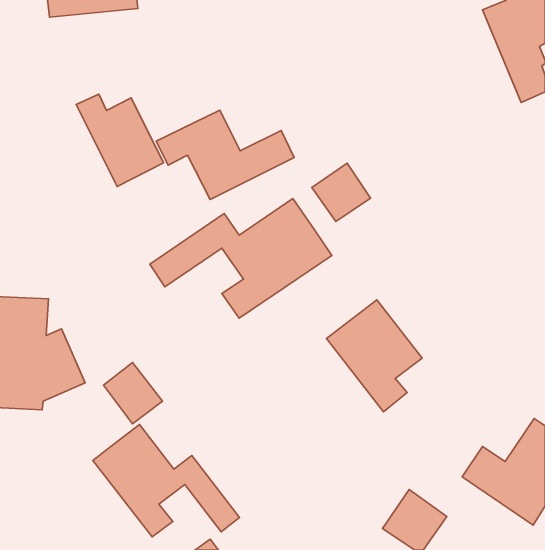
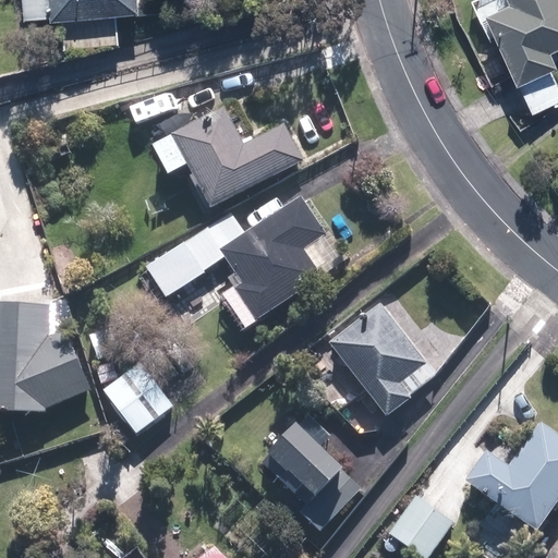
building: [76,94,164,187] -> none
building: [312,163,371,222] -> none
building: none -> [264,416,356,526]
building: [93,424,239,537] -> none

